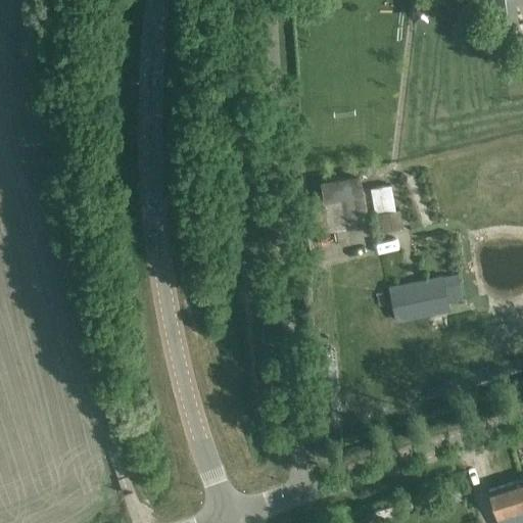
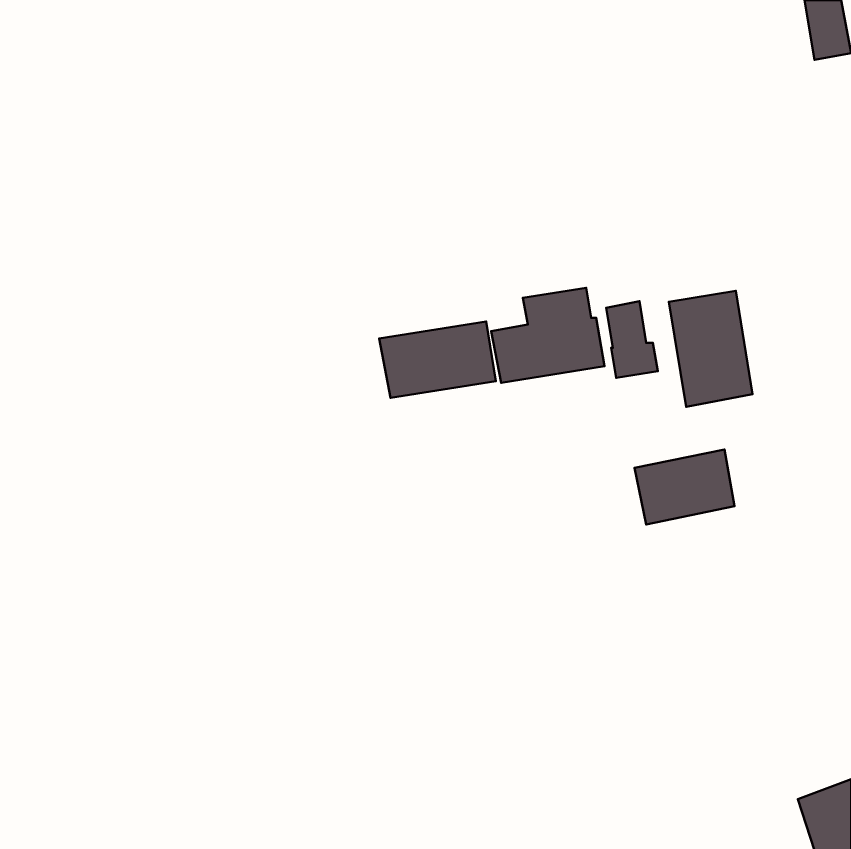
building: none -> [669,291,753,407]
building: none -> [379,321,496,398]

